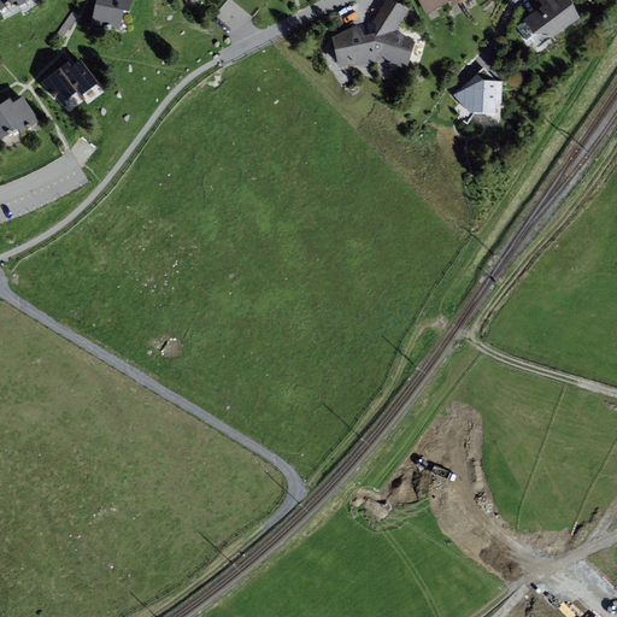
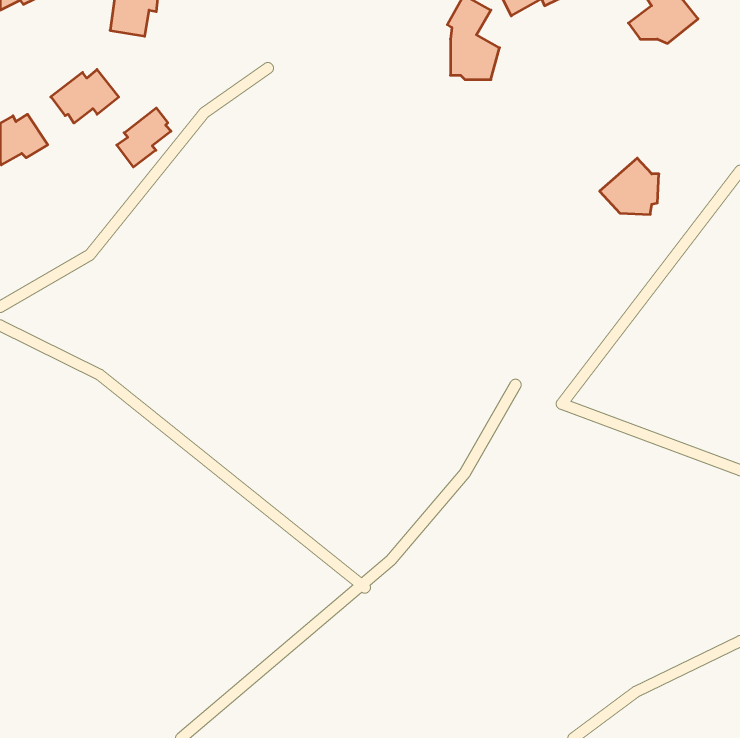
building: [333,22,375,66] -> none
building: [453,66,503,113] -> [600,158,659,214]
building: none -> [117,108,171,167]

